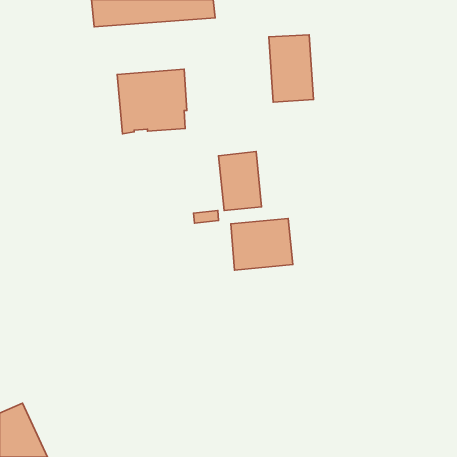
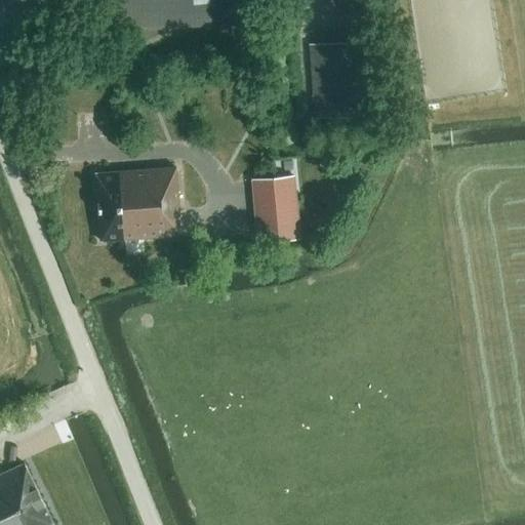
building: [117,69,187,134] -> [99,166,179,240]
building: [231,218,293,270] -> none

